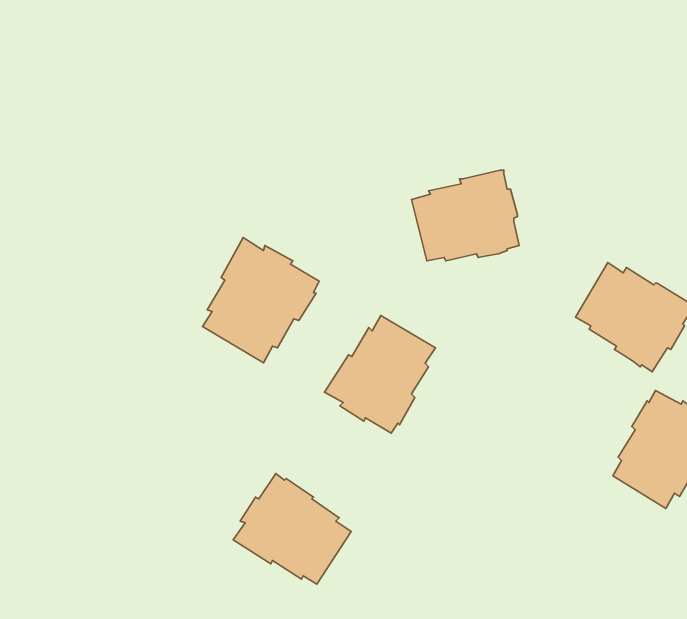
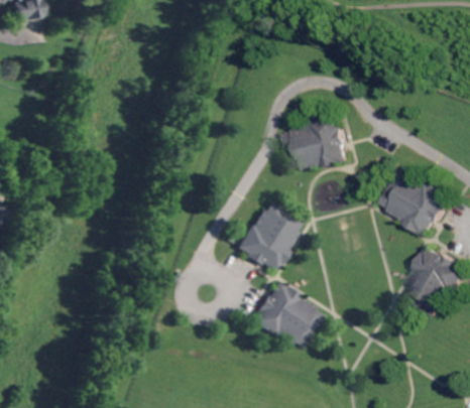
building: [202,237,319,363] -> none
building: [233,473,351,584] -> [251,282,321,348]

